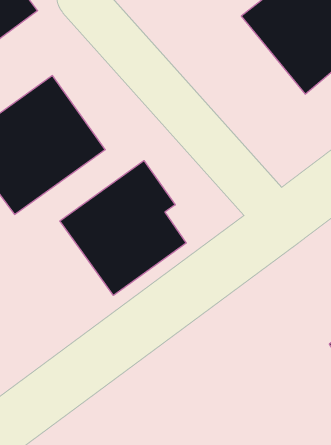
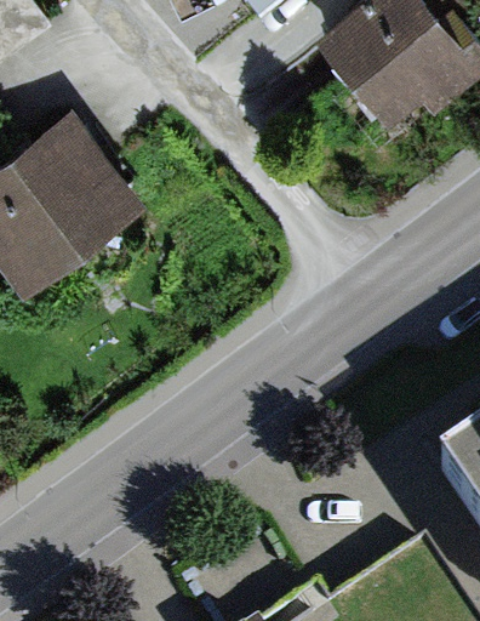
building: [60,161,186,295] -> none

